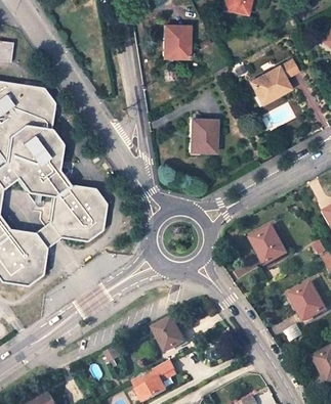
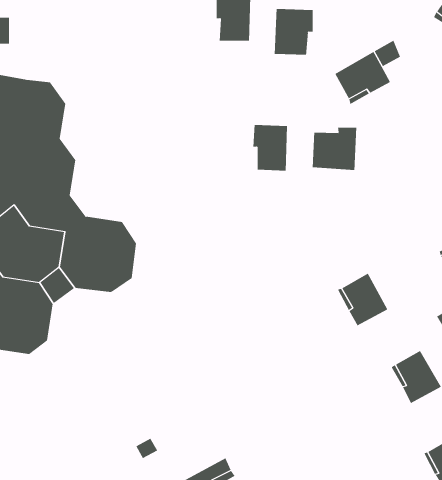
building: none -> [274,8,313,55]
building: none -> [312,127,357,171]
building: [152,316,184,351] -> none

